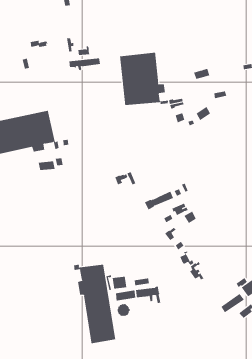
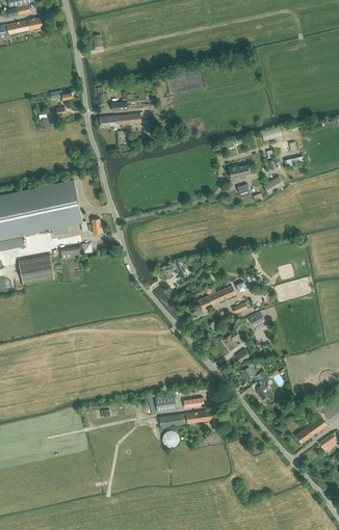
building: [120,52,168,106] -> none
building: none -> [18,255,53,284]
building: [74,264,116,344] -> none

